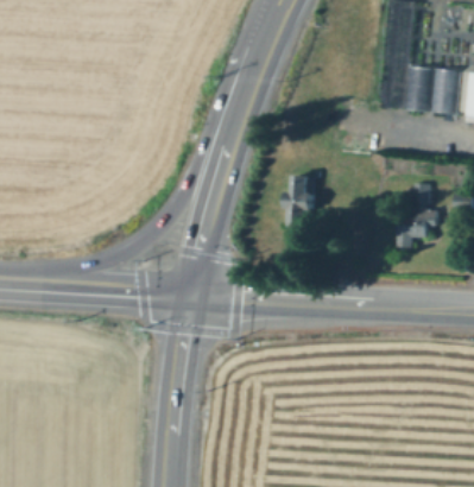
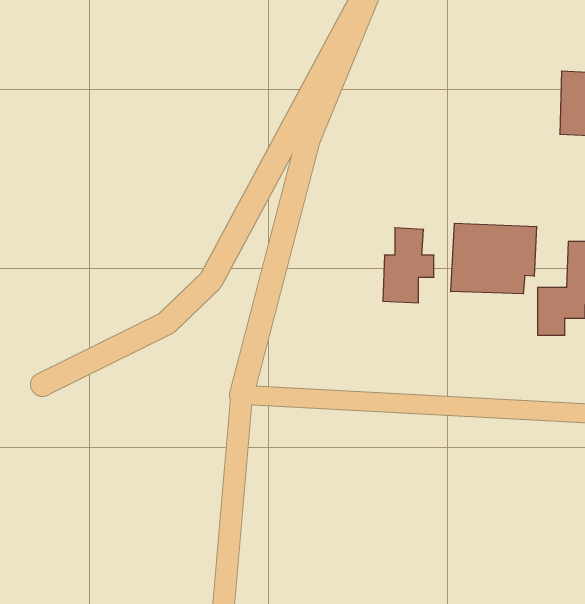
building: none -> [451,223,537,294]

